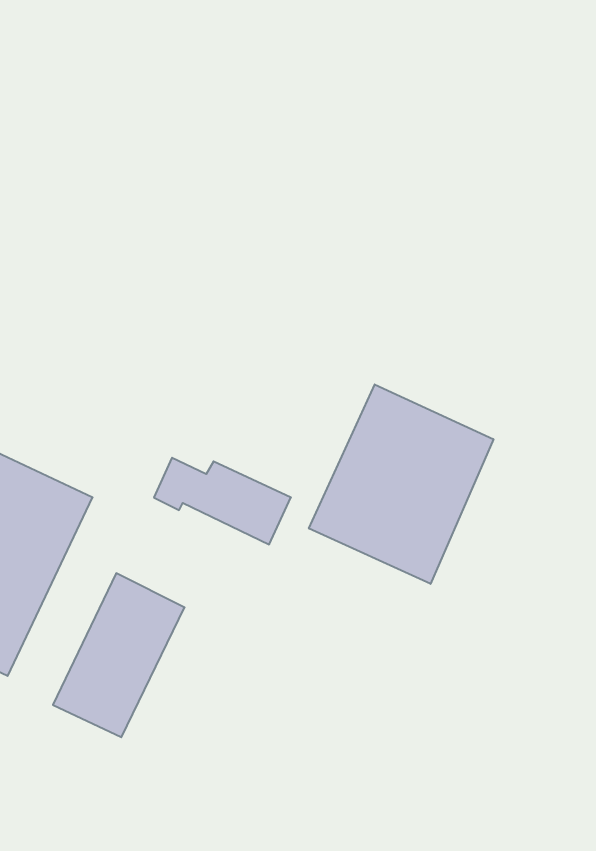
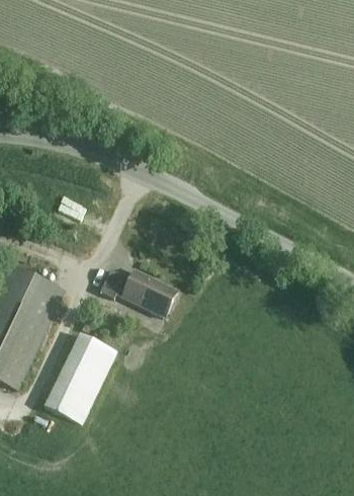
building: [309,384,493,584] -> none

